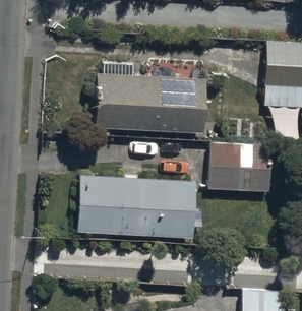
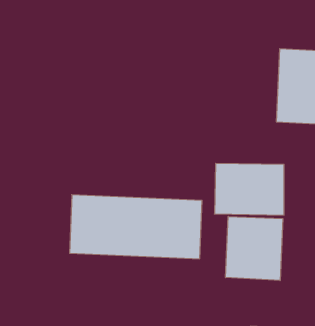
building: [97,71,206,130] -> none
building: none -> [226,216,283,281]

